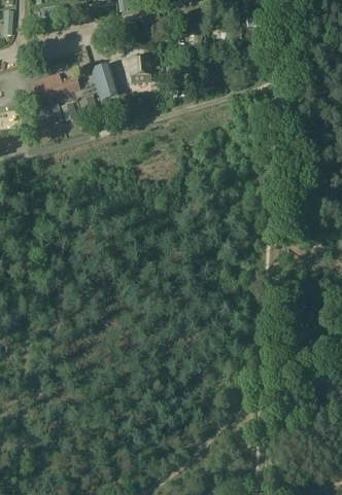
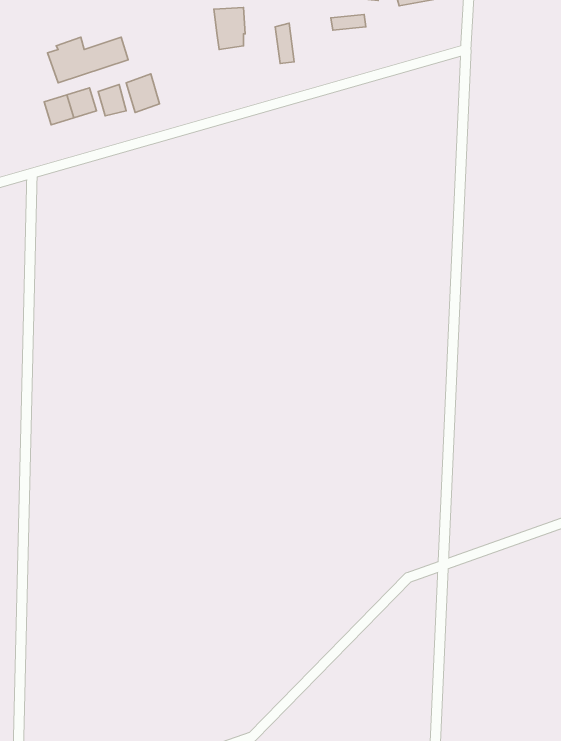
building: [90,62,126,105] -> none

